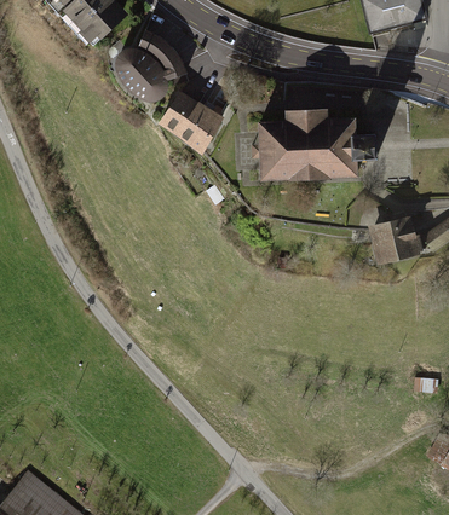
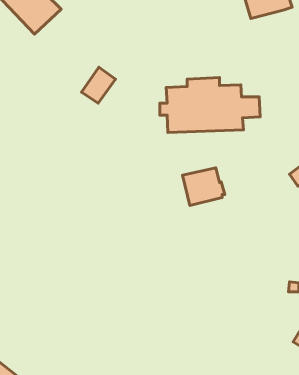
building: [102,31,179,109] -> none
building: [171,109,215,156] -> none
building: [368,214,424,264] -> [183,168,225,206]

